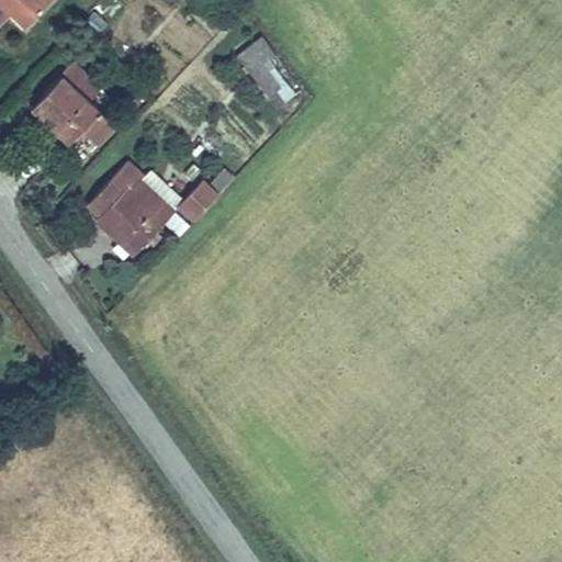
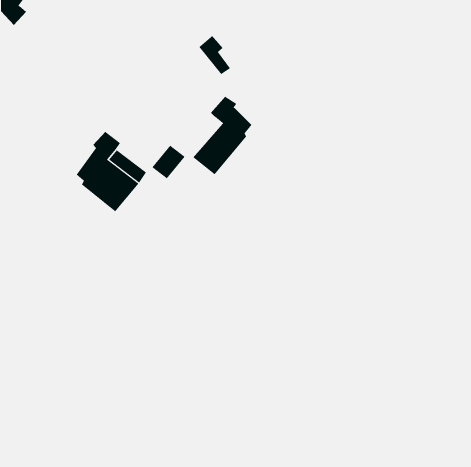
building: [32,74,113,150] -> none
building: none -> [193,96,252,175]

